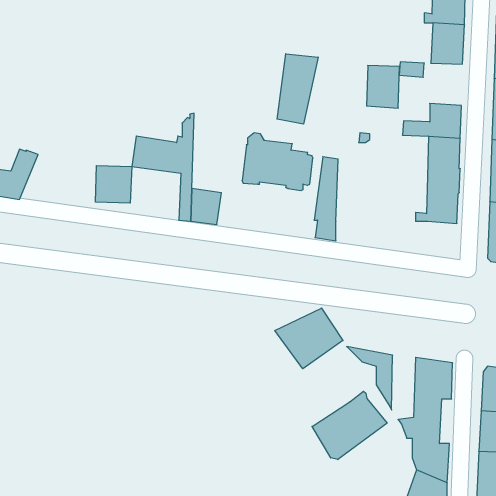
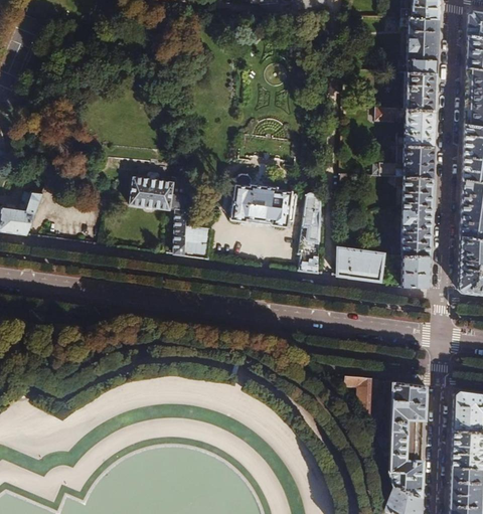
building: [277,54,318,124] -> none
building: [367,66,399,108] -> [406,109,436,148]
building: [96,166,132,203] -> none
building: none -> [338,246,388,281]
building: none -> [403,254,431,288]
building: [275,308,343,369] -> none
building: [312,391,387,460] -> none

